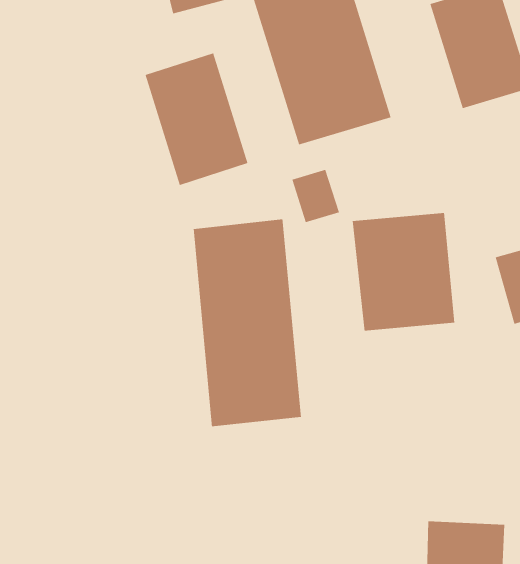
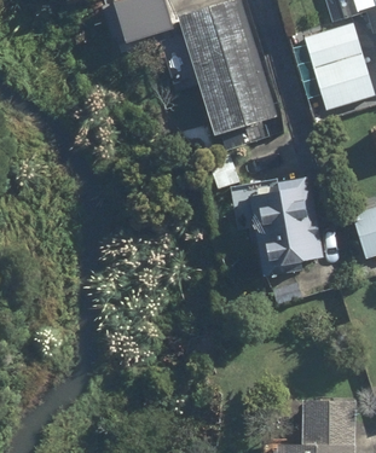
building: [145,52,248,186] -> none
building: [193,219,301,427] -> none

